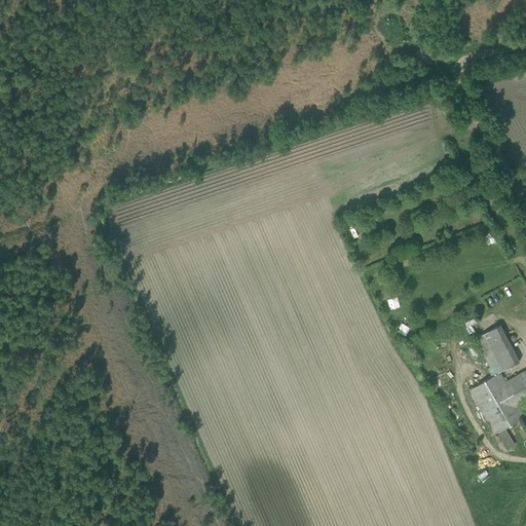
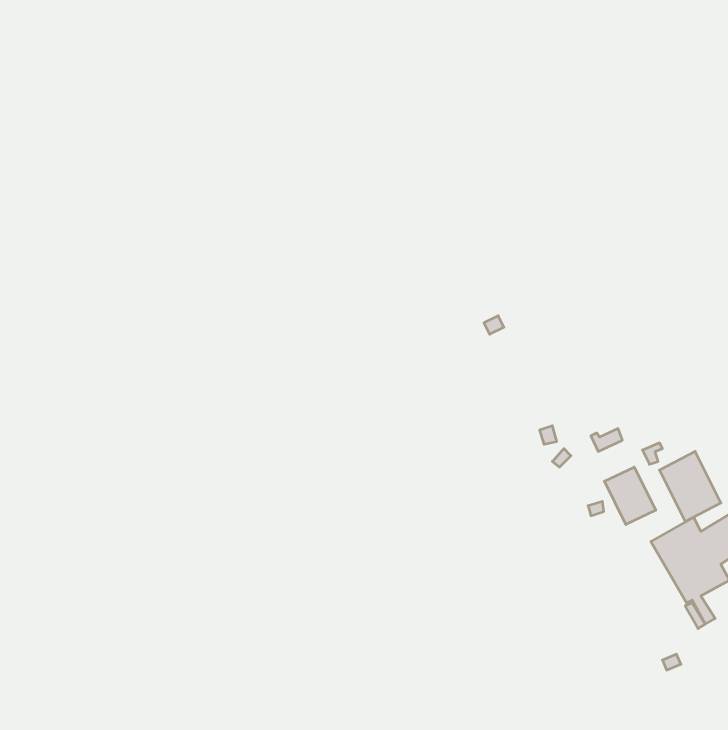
building: none -> [604,467,656,525]

